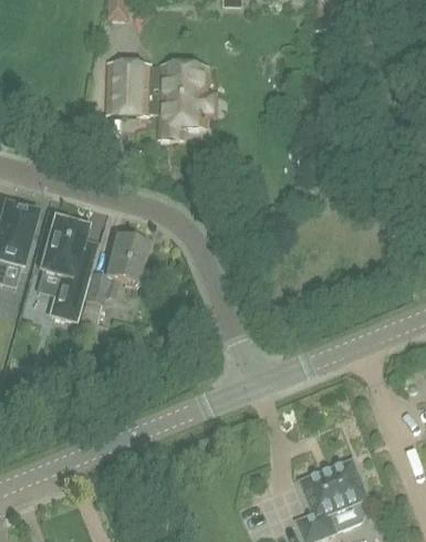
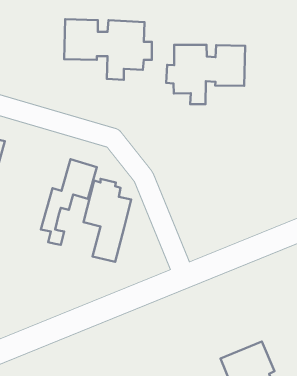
building: none -> [166,45,245,104]
building: [40,216,98,317] -> [83,179,131,262]

